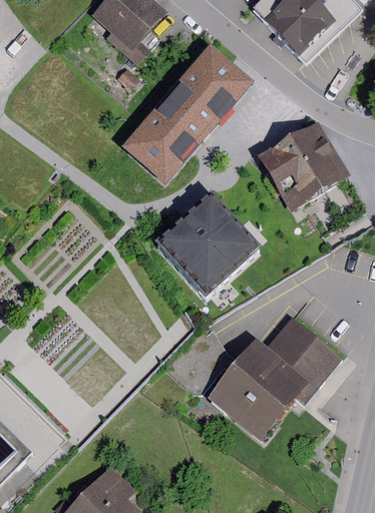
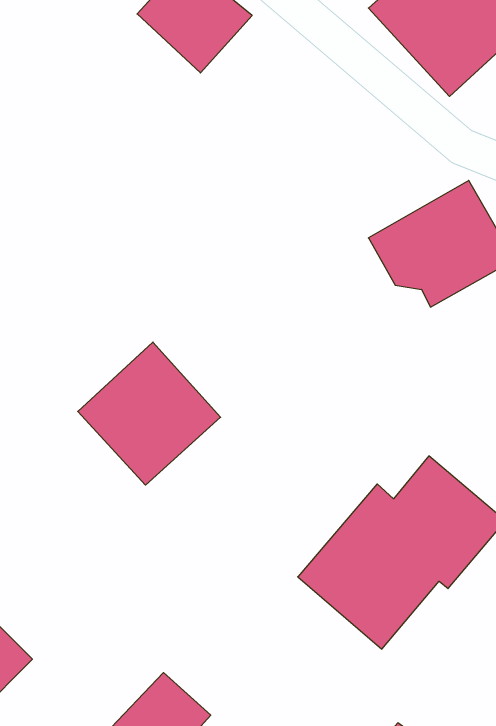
building: [117,44,246,180] -> none
building: [155,201,253,299] -> [78,342,221,485]

